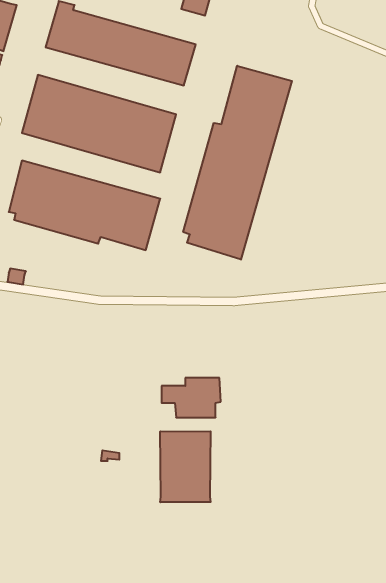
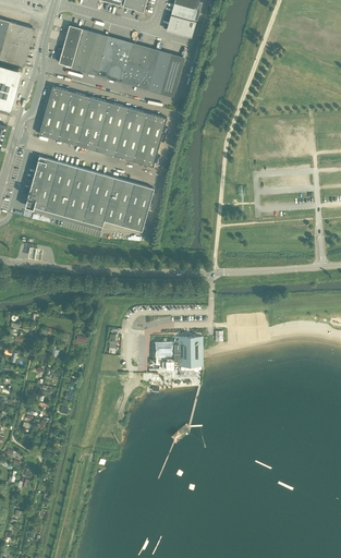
building: [183,66,292,260] -> none
building: [160,431,211,502] -> none

